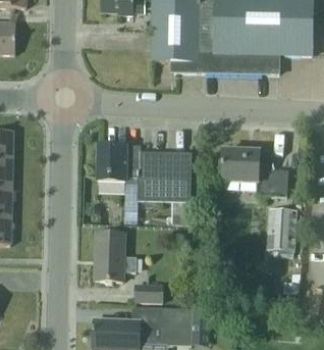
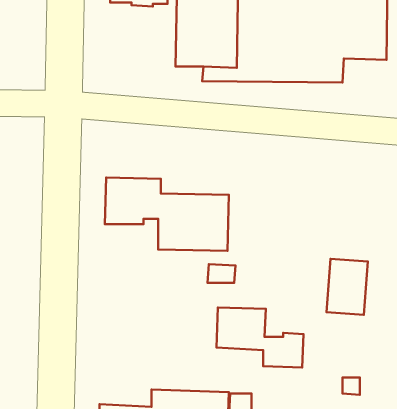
building: [221,150,287,196] -> [217,307,303,367]
building: [95,232,136,281] -> none
building: [133,282,164,304] -> none

